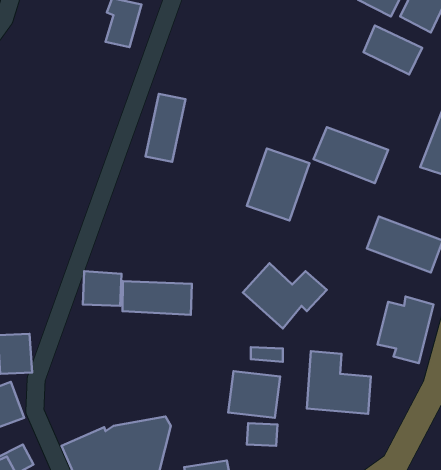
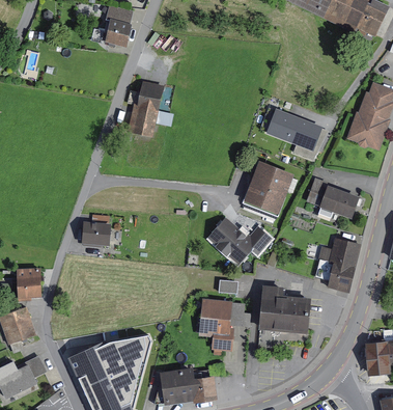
building: [363,25,422,74] -> none
building: [247,149,309,221] -> [248,161,297,217]
building: [123,281,192,315] -> none

